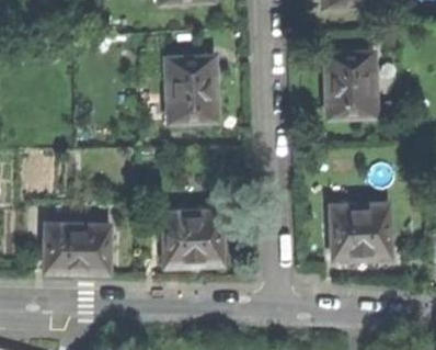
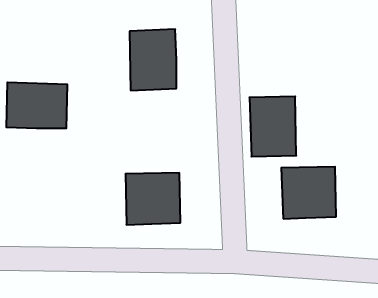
building: [324,53,375,117] -> [249,96,296,157]
building: [44,224,110,273] -> [6,82,67,128]

